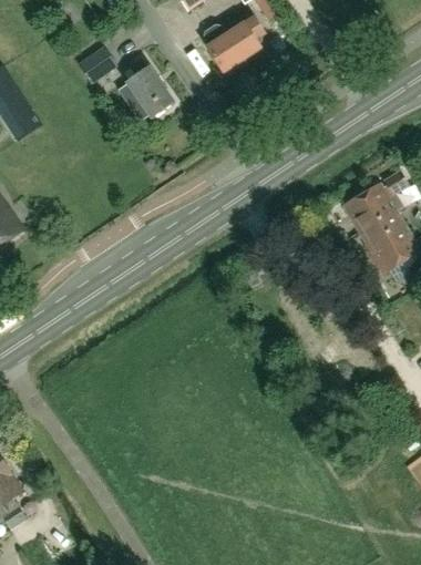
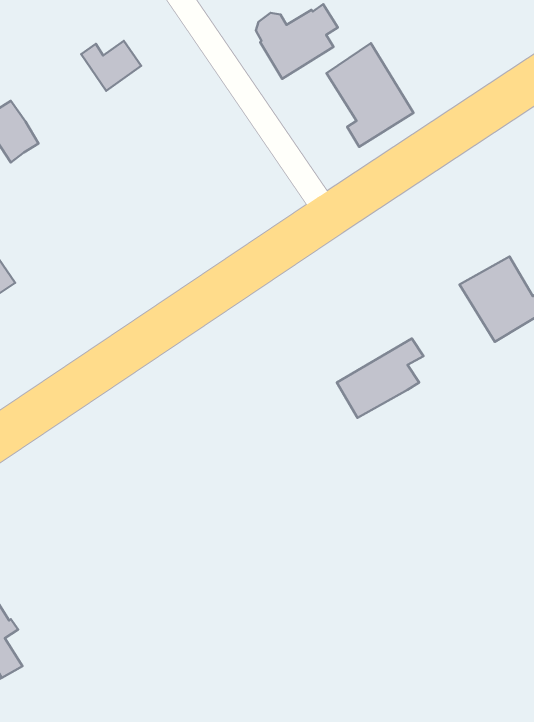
building: none -> [327,43,413,147]
building: [119,58,174,119] -> none
building: [342,170,408,229] -> [337,338,423,418]

